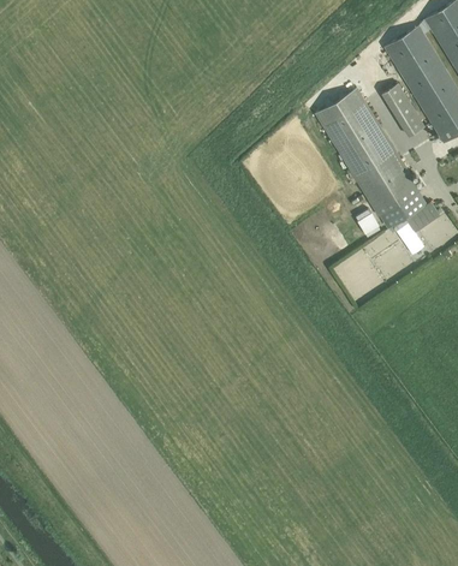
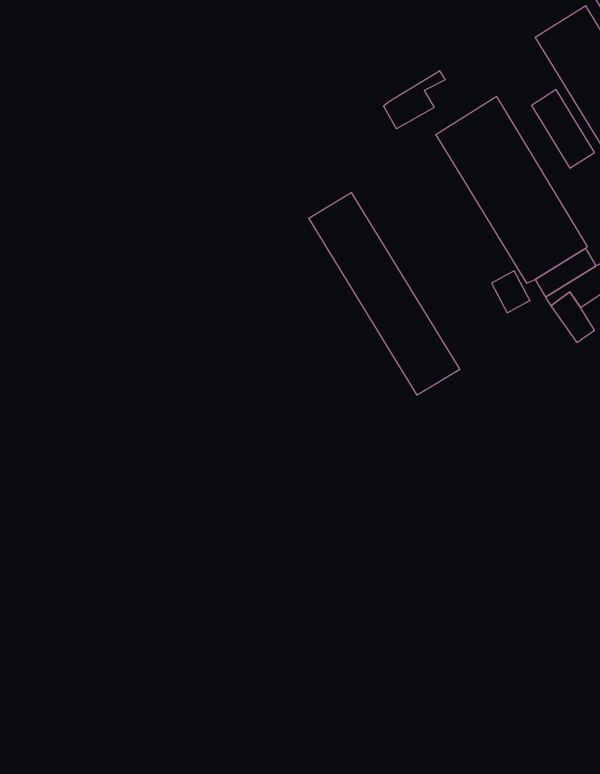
building: none -> [383,71,445,129]
building: none -> [309,193,460,395]

